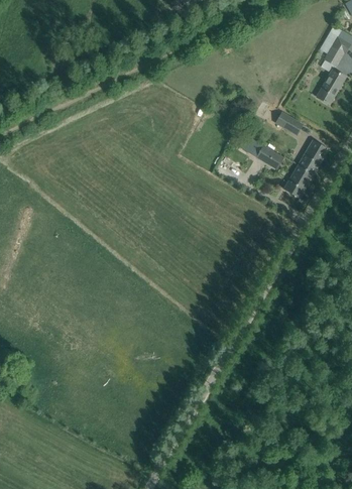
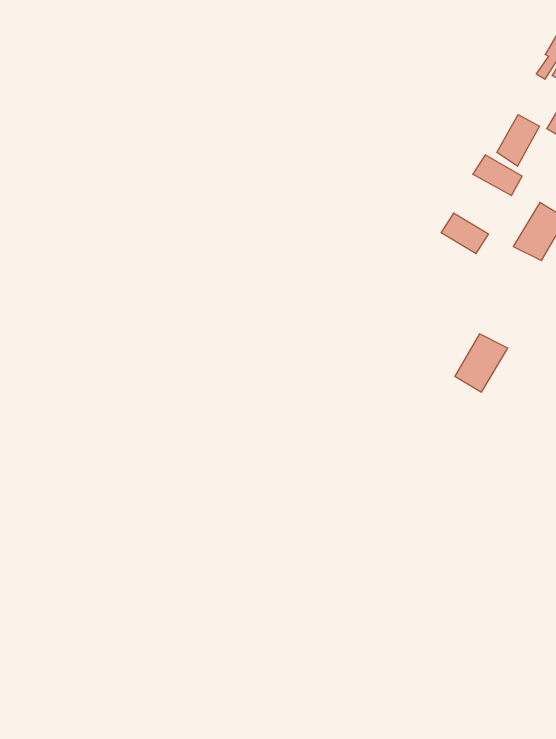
building: none -> [497,115,539,166]
building: [284,164,315,198] -> [455,334,508,392]

